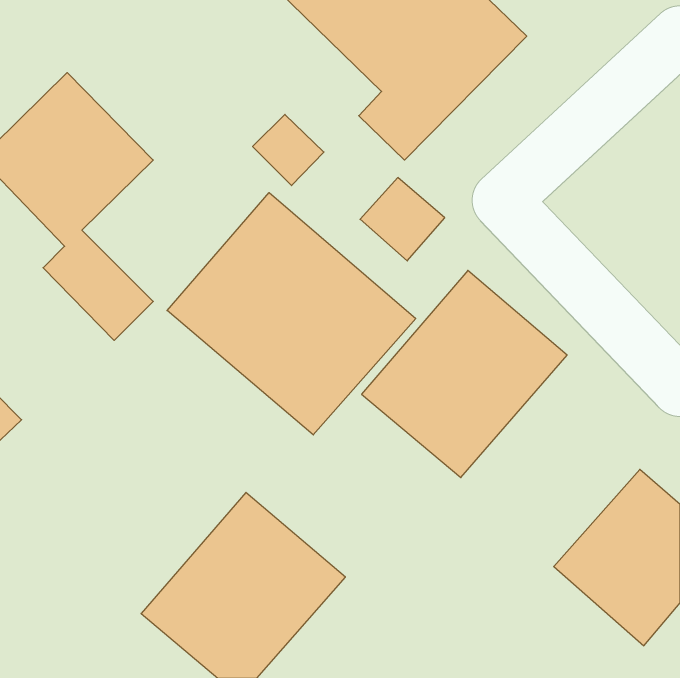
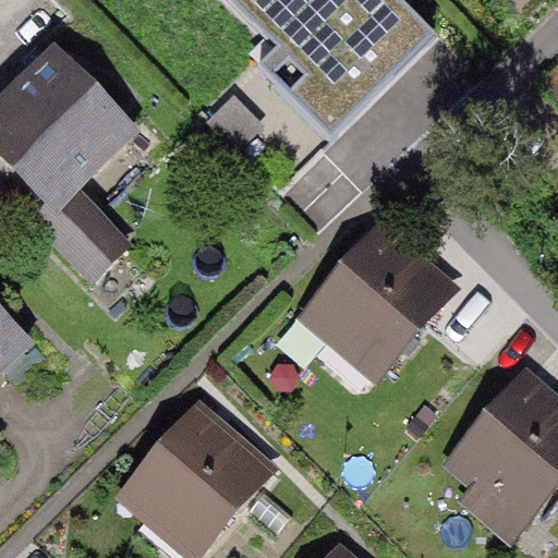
building: [167,193,416,435] -> none

